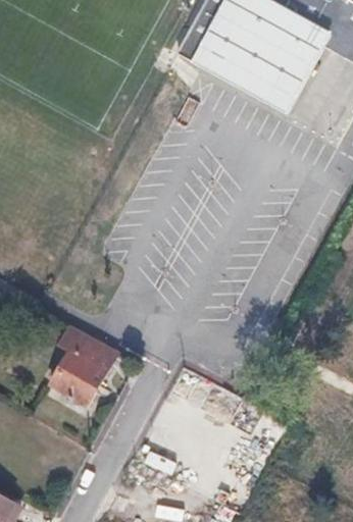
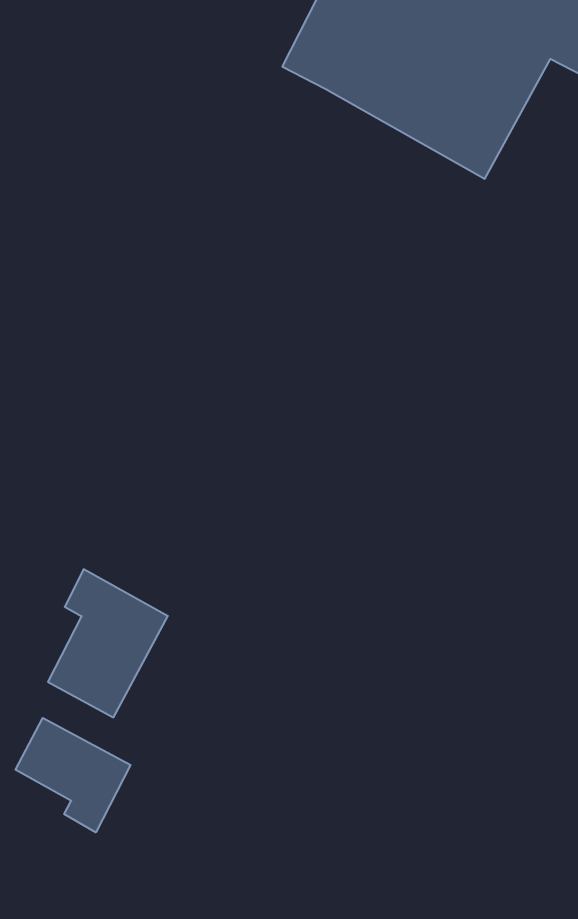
building: none -> [15,718,131,832]

